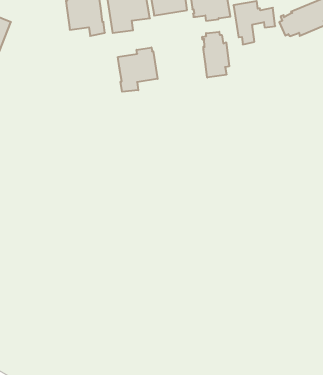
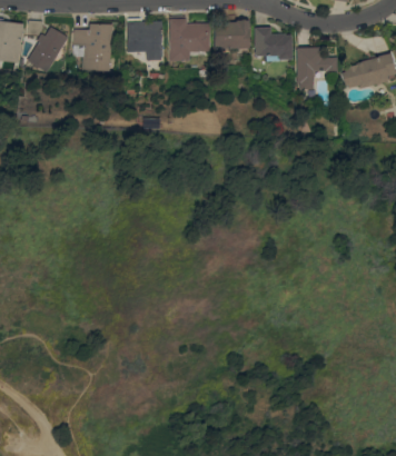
building: none -> [73,23,112,71]
building: [202,32,229,78] -> none
building: [118,47,158,92] -> none

